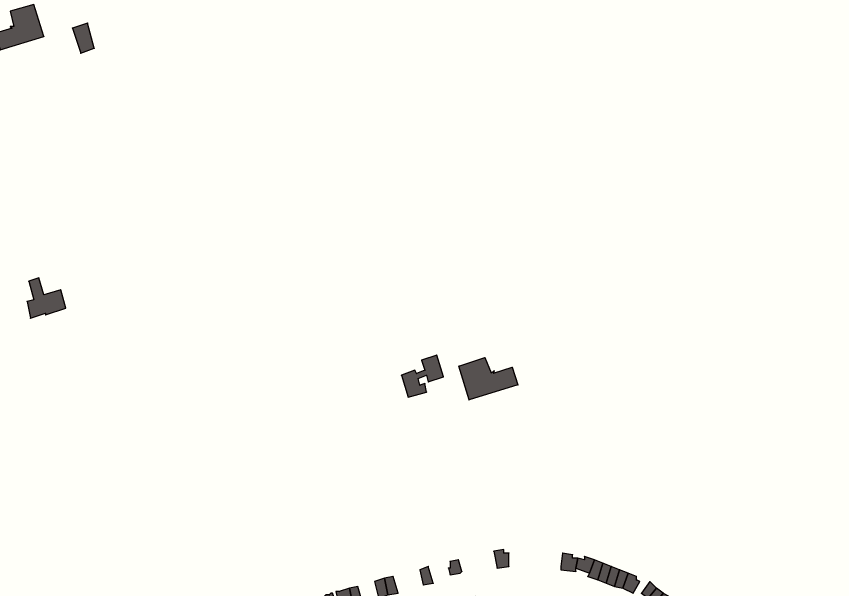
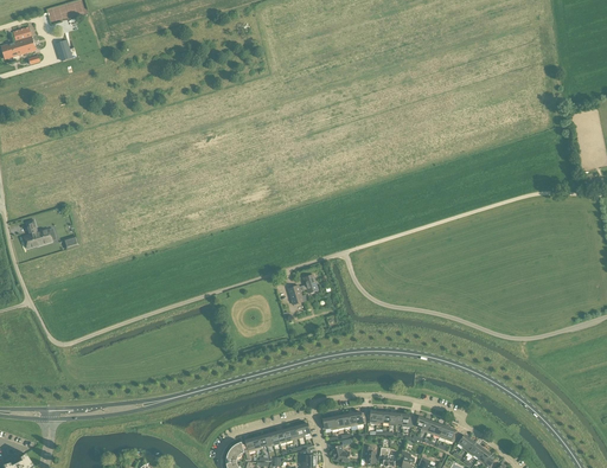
building: [459,358,518,400] -> none

